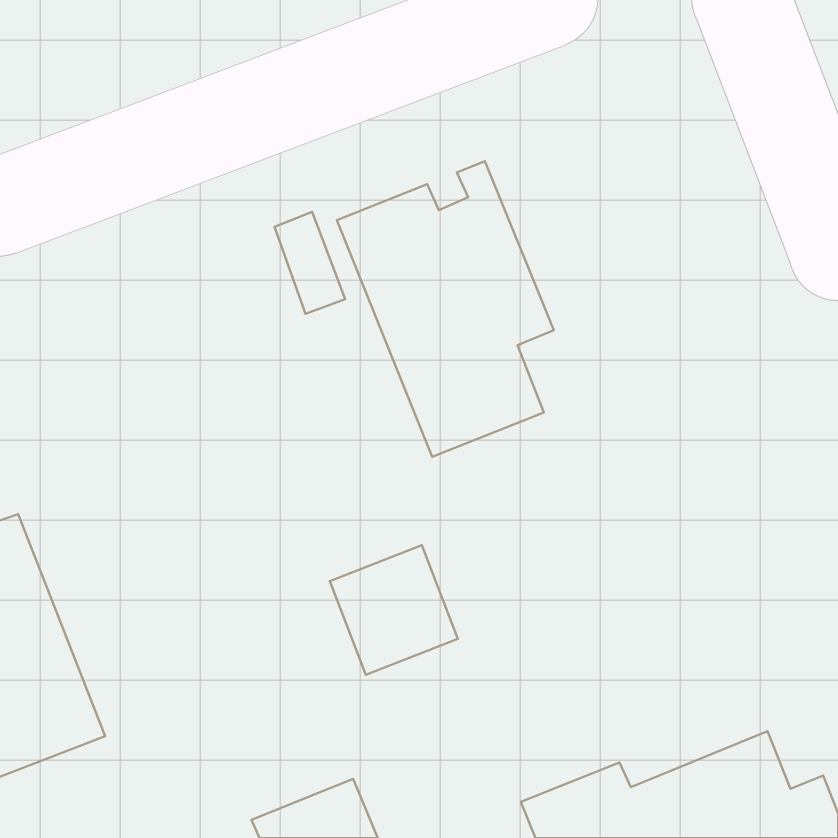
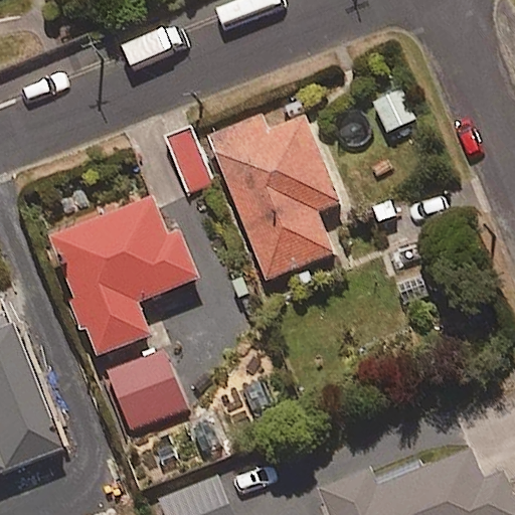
building: none -> [47,194,199,355]
building: [330,545,458,675] -> [108,351,186,431]

